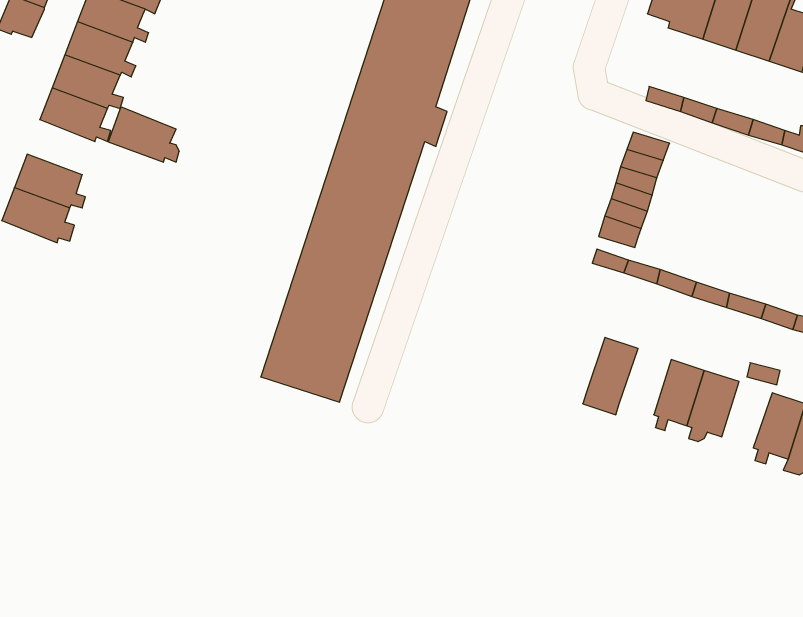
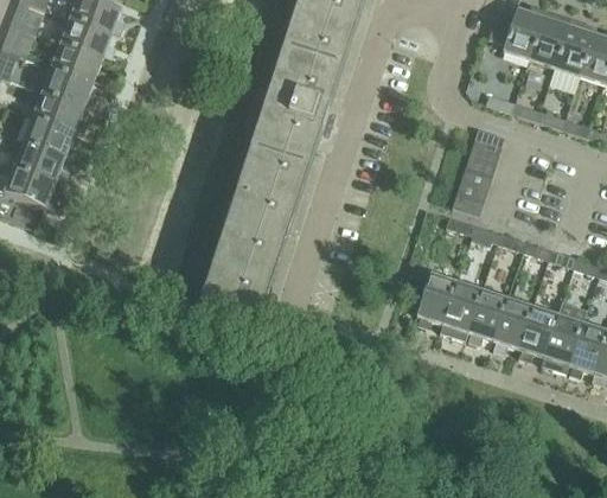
building: [108,107,179,162] -> [21,119,75,160]
building: none -> [415,274,455,327]
building: none -> [466,290,505,344]
building: none -> [543,315,581,369]

